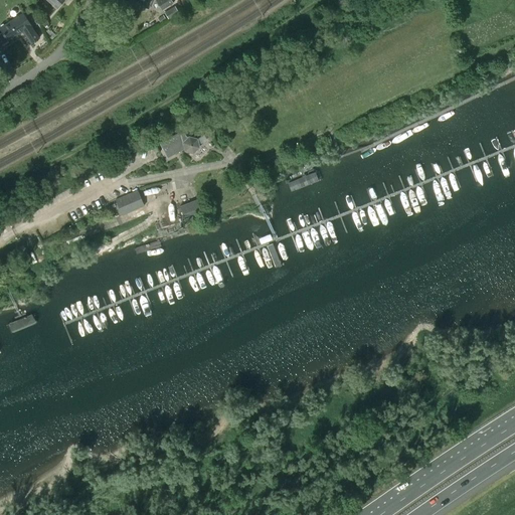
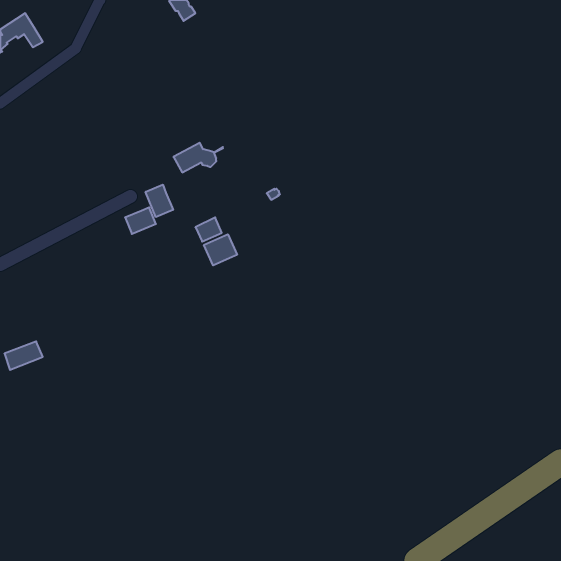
building: none -> [146,185,173,217]
building: none -> [204,234,237,265]

